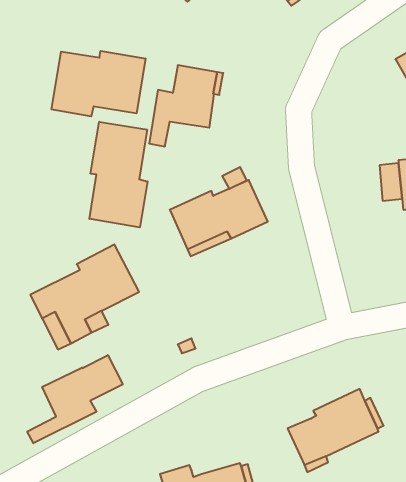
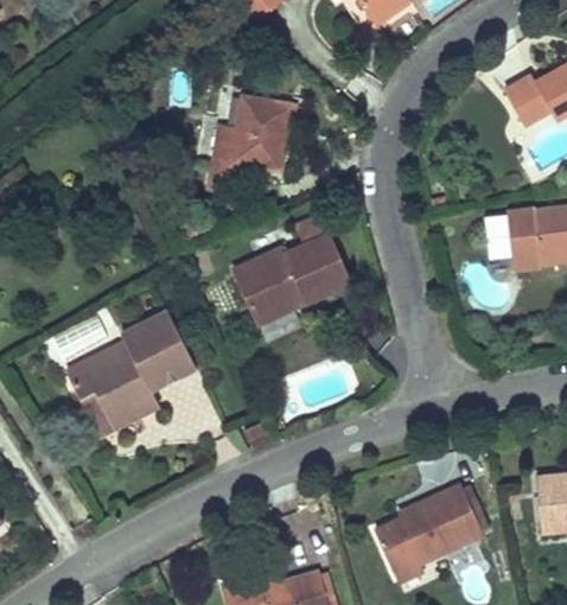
building: [52,51,145,116] -> none
building: [89,122,148,227] -> none
building: [27,355,123,443] -> none

